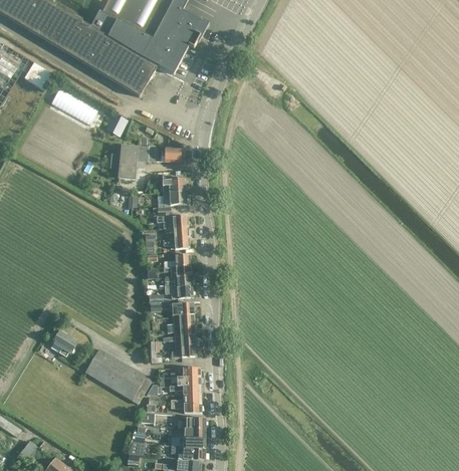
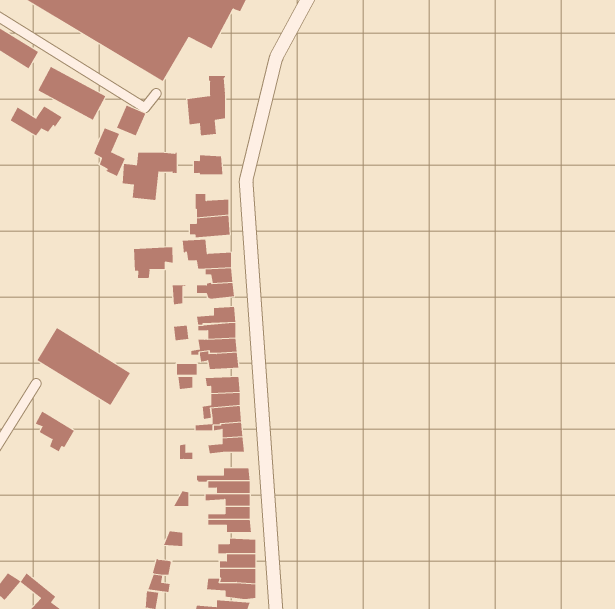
building: none -> [187,75,225,136]
building: none -> [10,106,62,136]
building: none -> [93,128,125,177]
building: none -> [134,246,173,279]
building: [85,348,152,404] -> [36,327,131,406]

